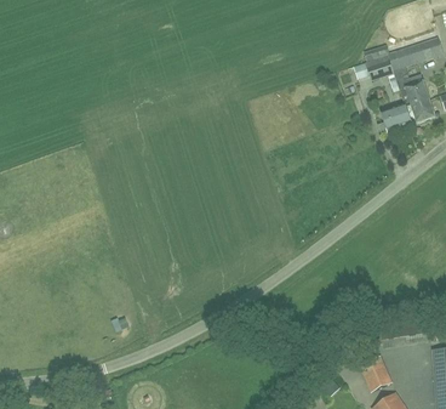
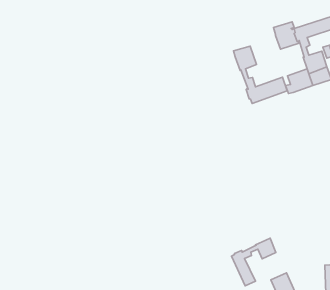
building: none -> [234,46,287,103]
building: none -> [231,238,276,286]

